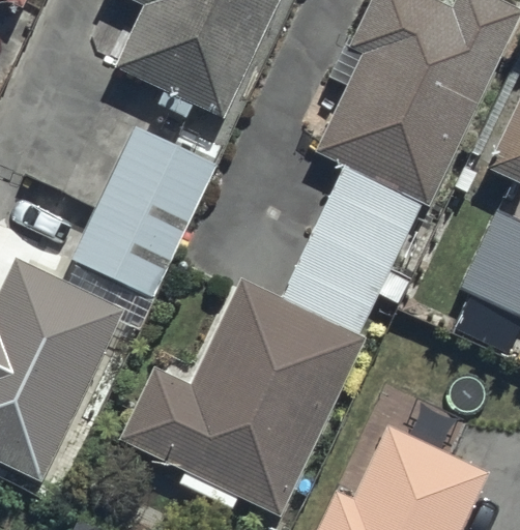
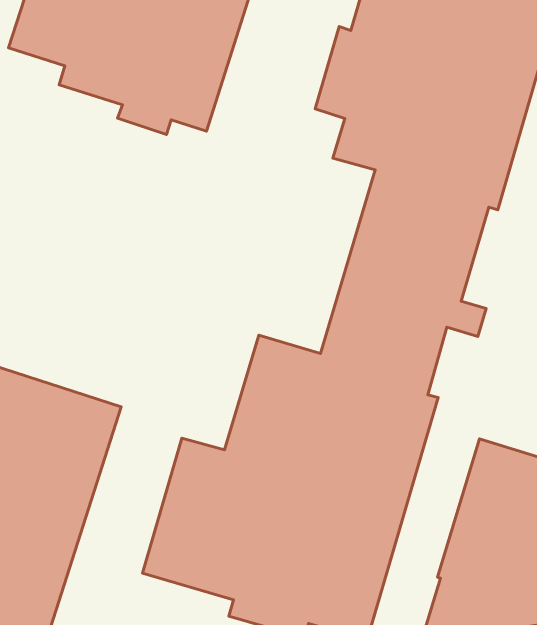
building: [71,129,215,300] -> none

